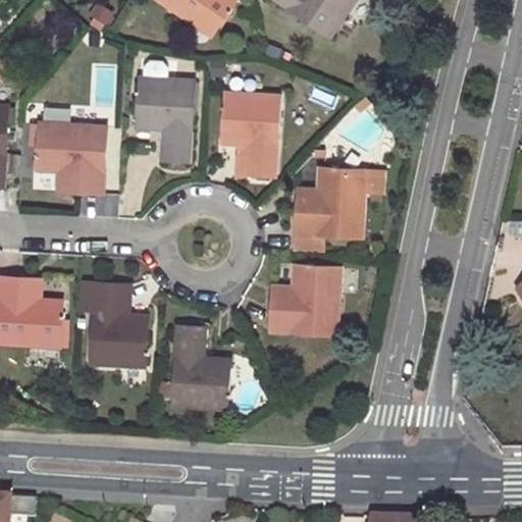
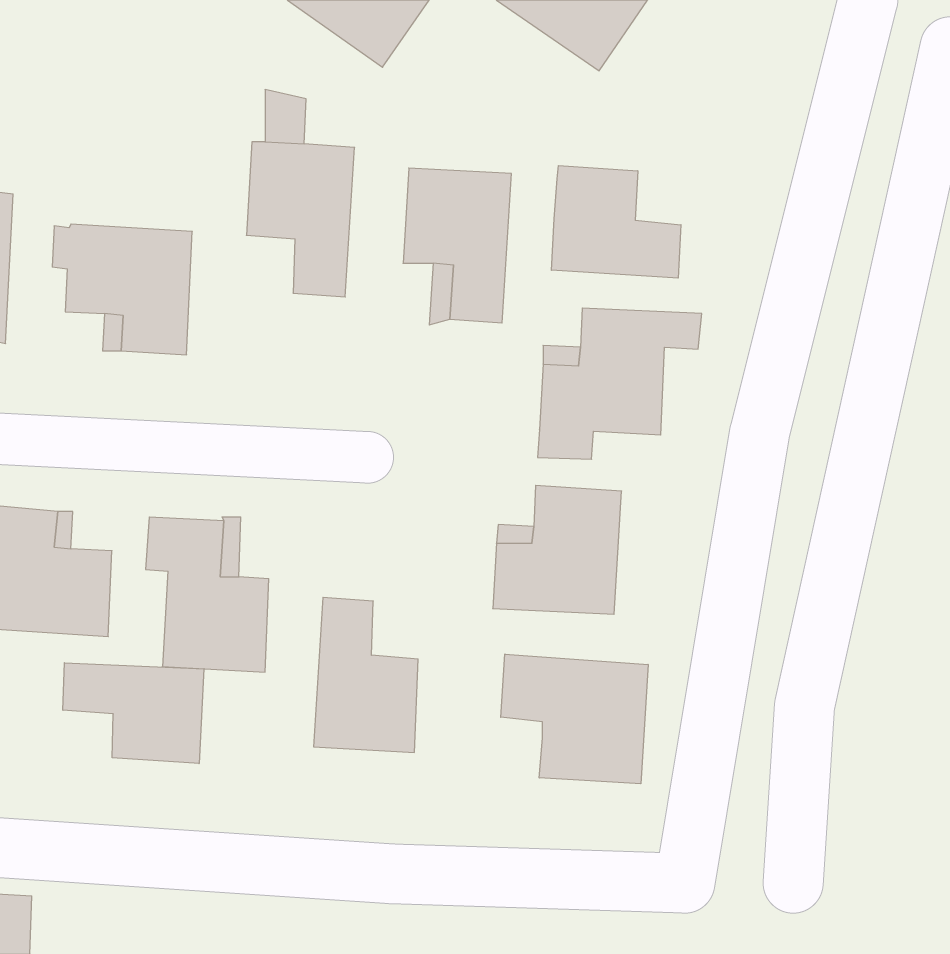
building: none -> [551,166,681,278]
building: none -> [501,654,648,784]
building: none -> [63,663,204,764]

